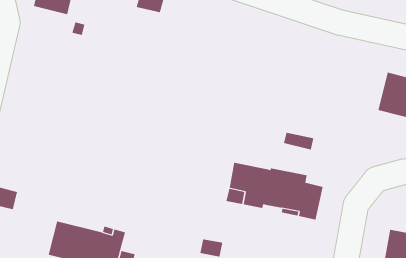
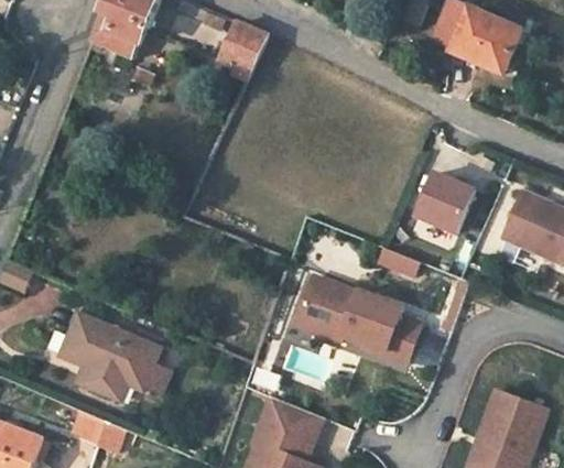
building: none -> [414,172,473,231]

